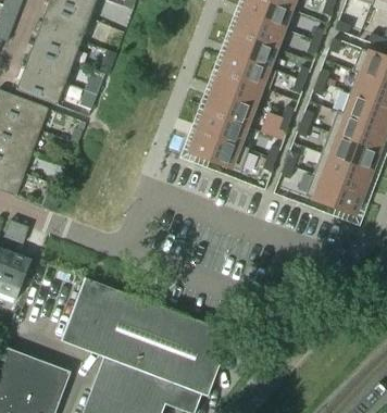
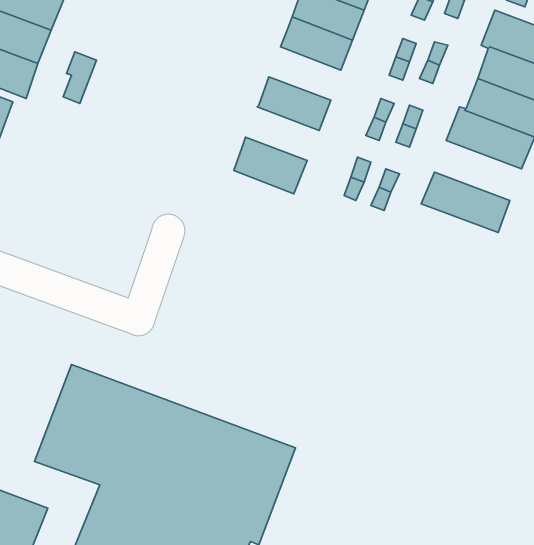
building: [213,72,260,107] -> none
building: [198,111,246,146] -> none
building: [321,133,377,172] -> none
building: [304,174,362,214] -> none

